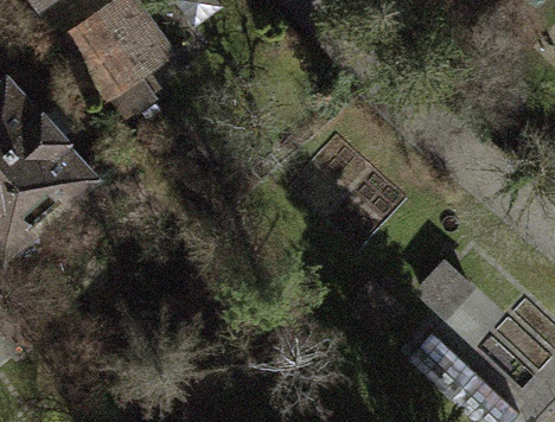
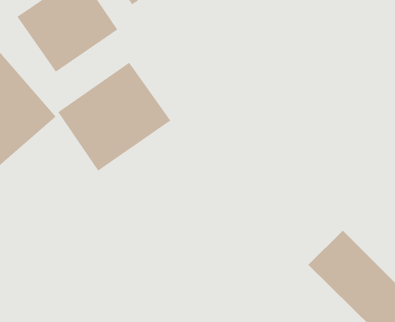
building: none -> [57,62,171,171]

